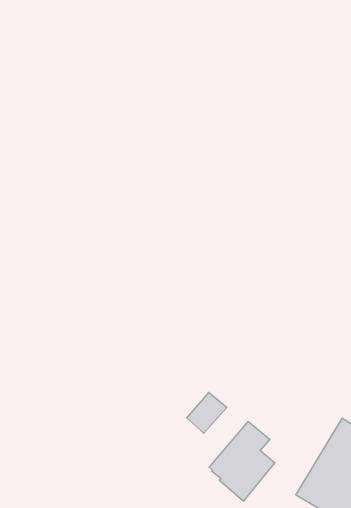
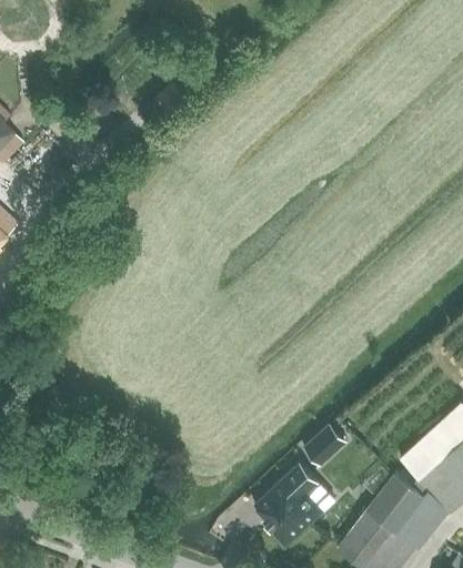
building: [187,392,227,433] -> [303,426,345,467]

